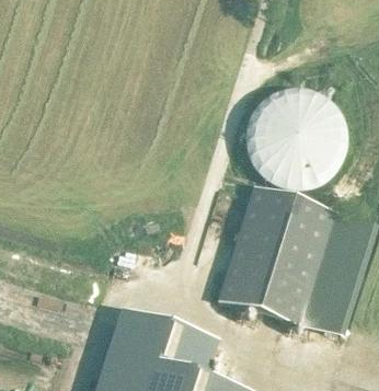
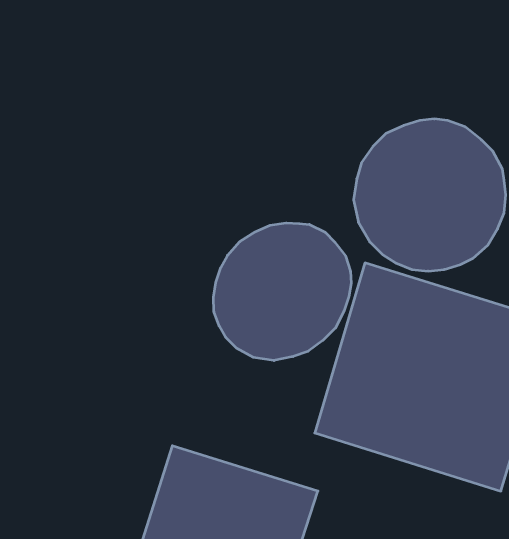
building: none -> [213,223,351,361]

